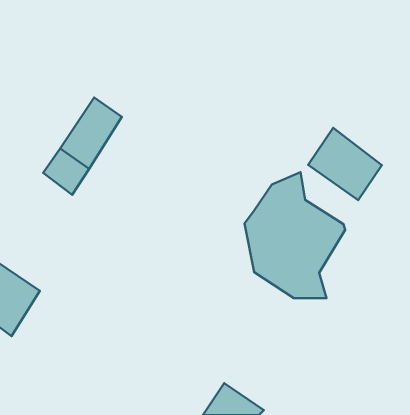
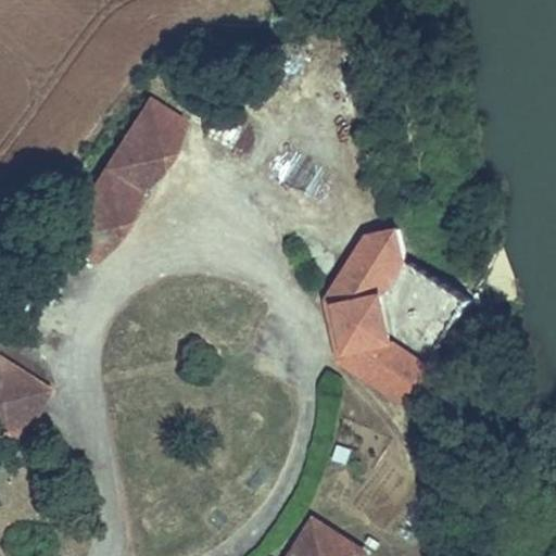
building: none -> [126,99,185,156]
building: [308,128,382,200] -> none

